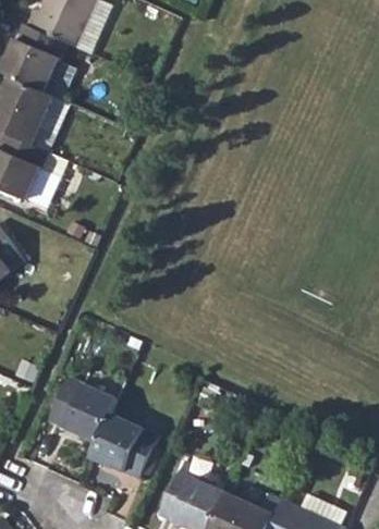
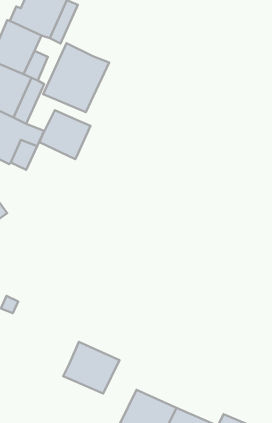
building: none -> [43,43,109,112]
building: none -> [39,110,91,159]
building: [48,377,115,441] -> none

